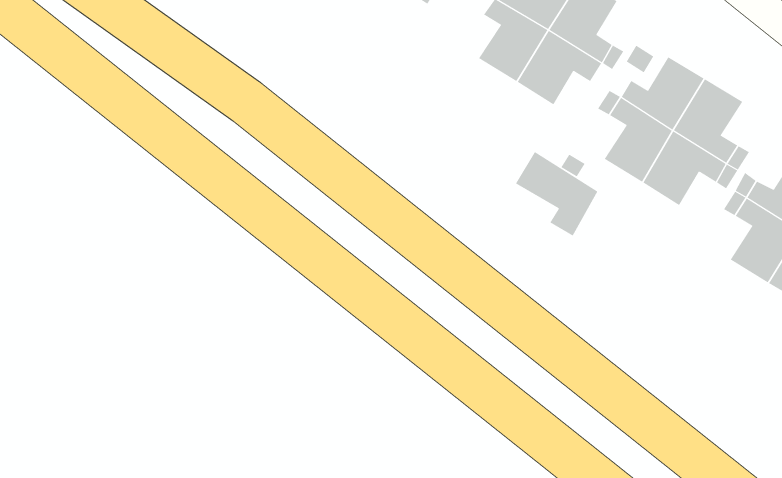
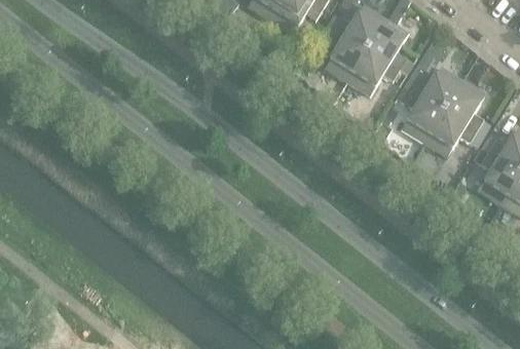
building: [515,151,598,237] -> none

